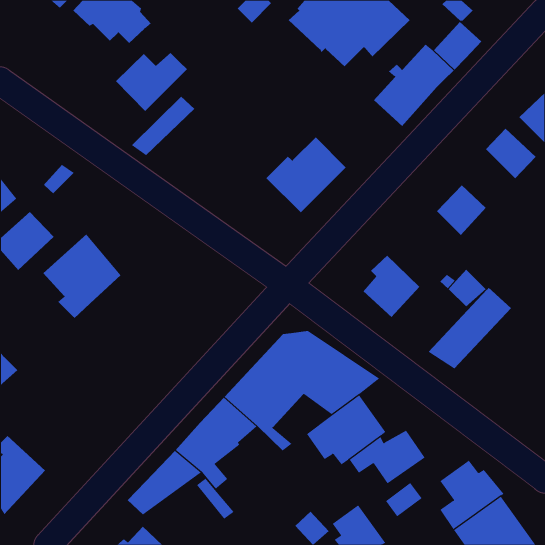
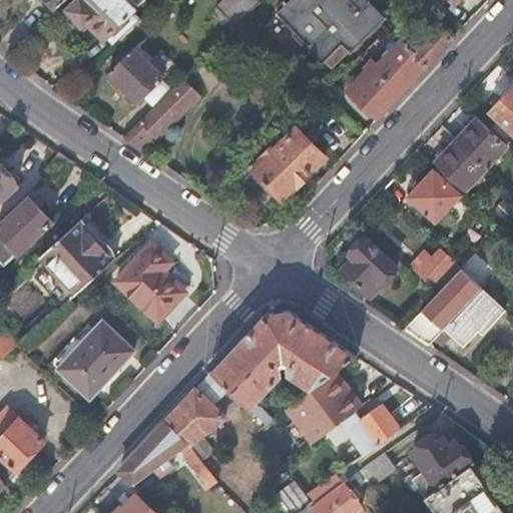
building: none -> [435,140,484,189]
building: none -> [114,242,183,321]
building: none -> [444,292,503,348]
building: none -> [57,322,133,398]

